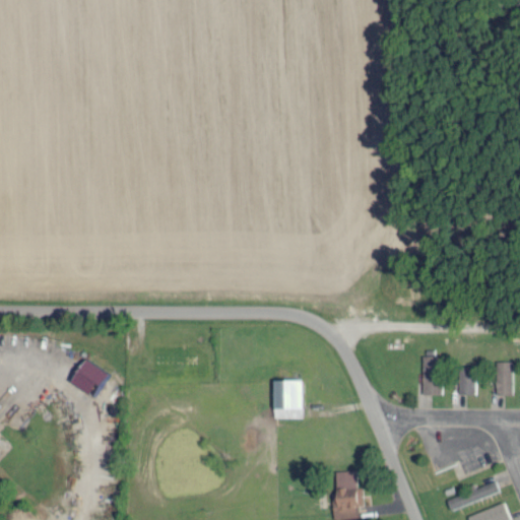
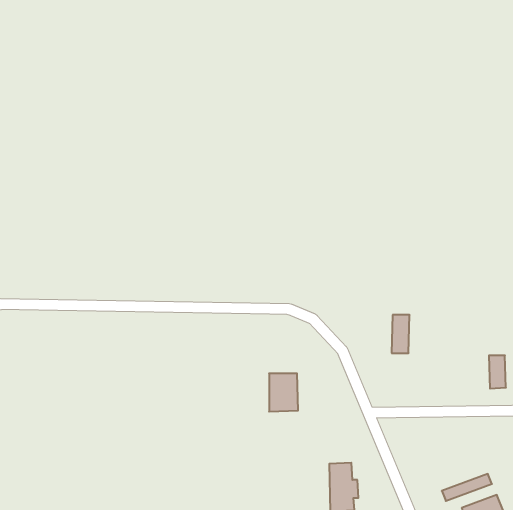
building: [420,356,439,395] -> [392,315,410,353]
building: [70,360,107,397] -> none
building: [457,368,474,395] -> none

